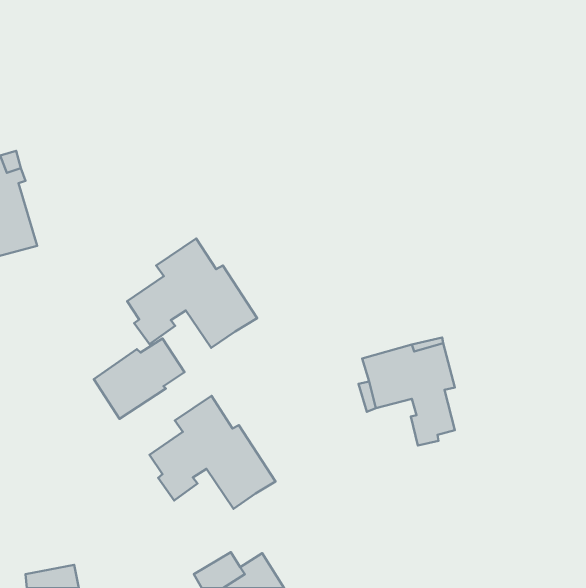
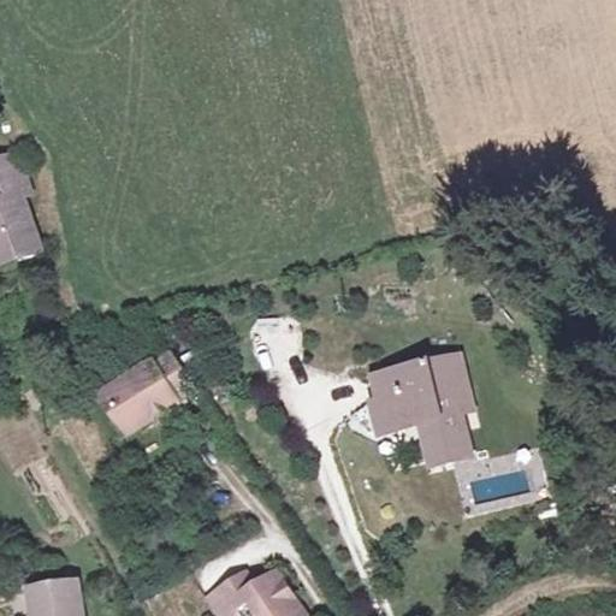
building: [127,239,257,348] -> none
building: [150,396,275,509] -> none

